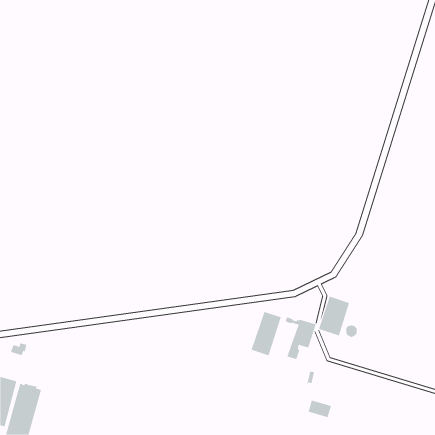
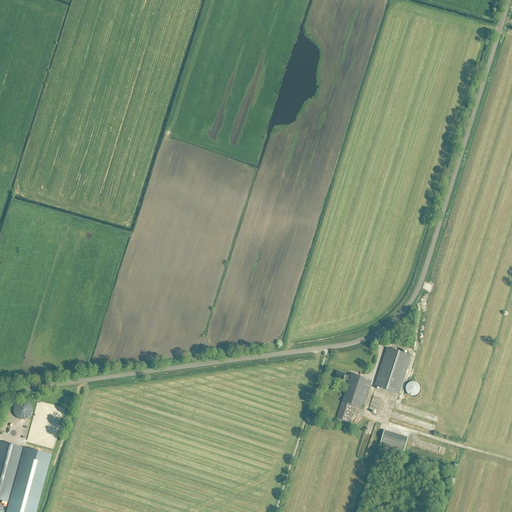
building: [251,311,282,356] -> none
building: [308,400,332,418] -> [379,430,407,451]

